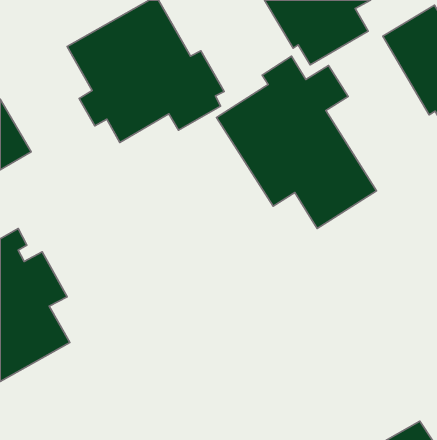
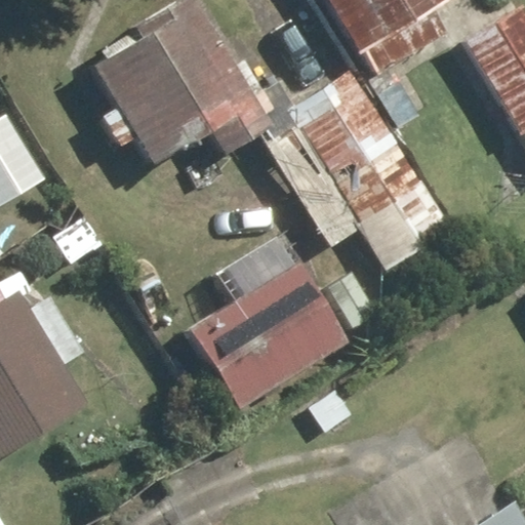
building: none -> [181,230,382,411]

